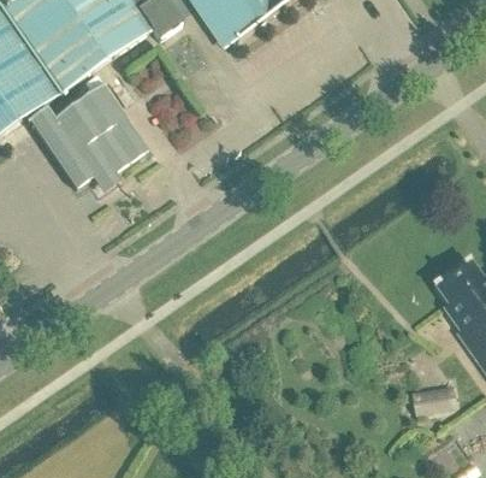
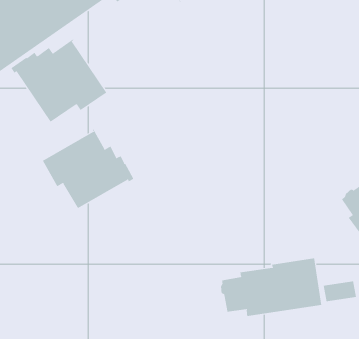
building: none -> [42,128,134,209]
building: none -> [220,257,322,317]

